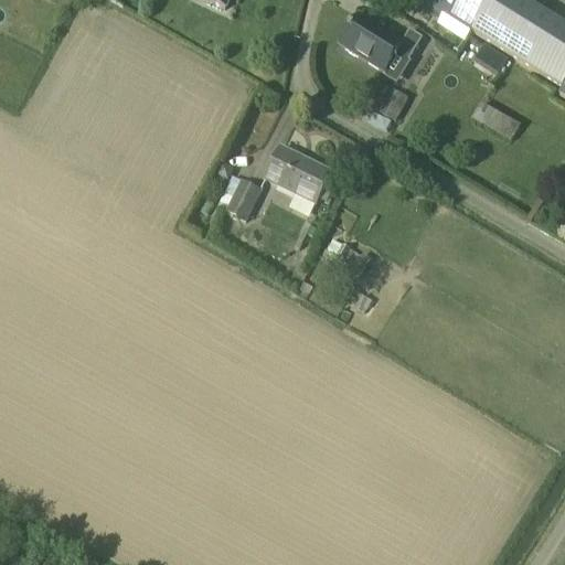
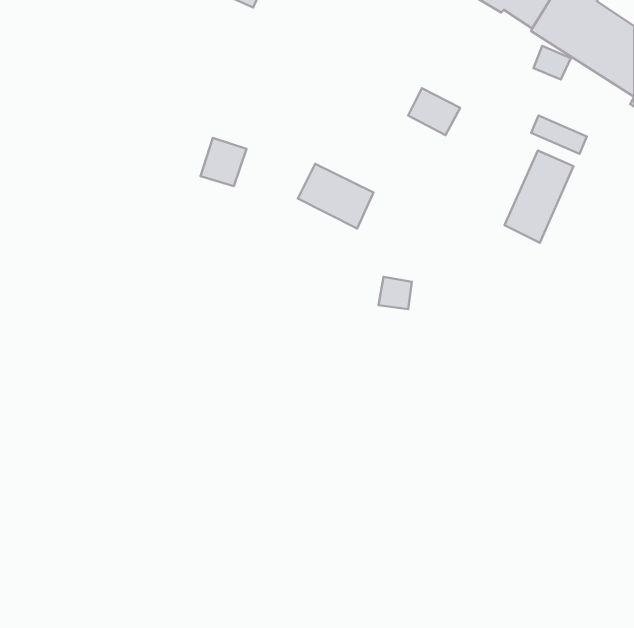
building: [342,12,425,70] -> none
building: none -> [505,151,573,243]
building: [220,173,260,216] -> [200,138,246,186]

